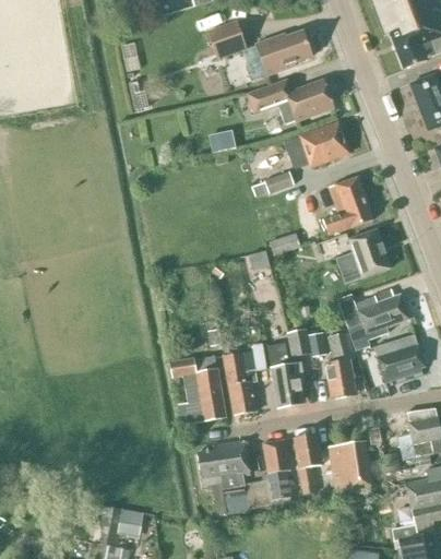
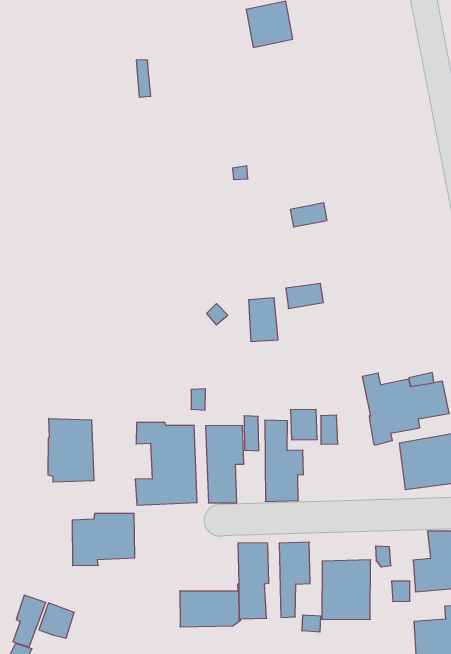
building: [255,29,312,74] -> none
building: [246,79,333,124] -> none
building: [299,120,349,166] -> none
building: [325,176,373,234] -> none
building: [337,228,391,276] -> none
building: [325,333,356,397] -> none
building: none -> [48,418,94,482]
building: [198,439,250,486] -> [72,513,135,566]

